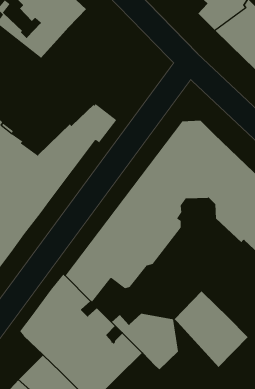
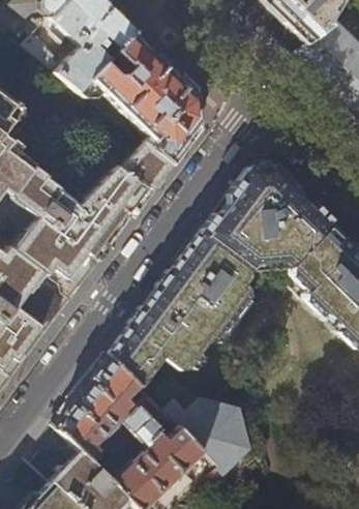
building: none -> [83,27,203,162]
building: [174,291,248,368] -> none

